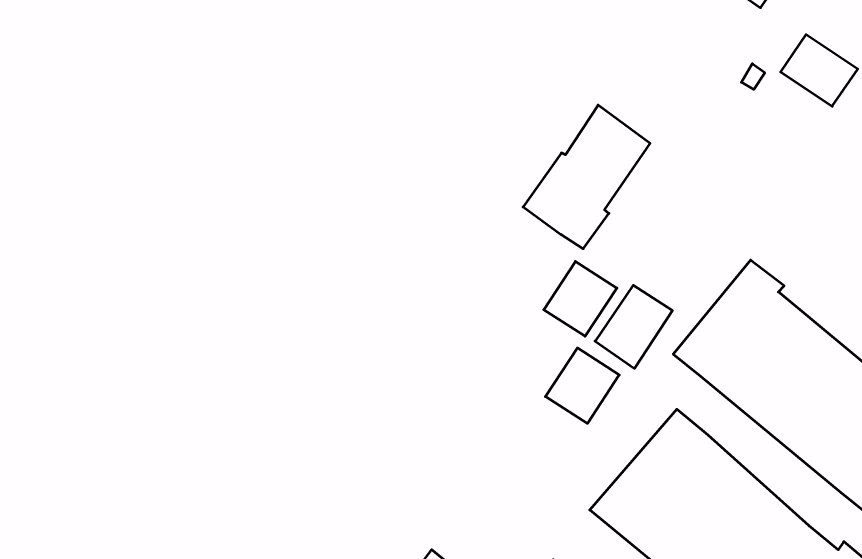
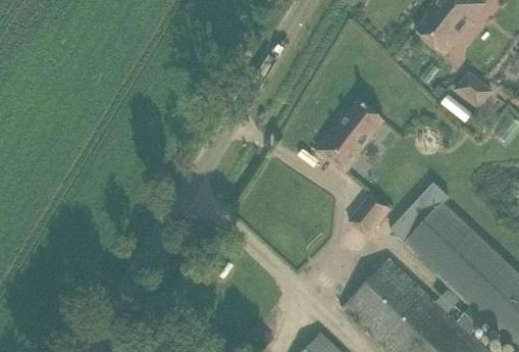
building: [544,261,617,336] -> none
building: [545,348,619,423] -> none

